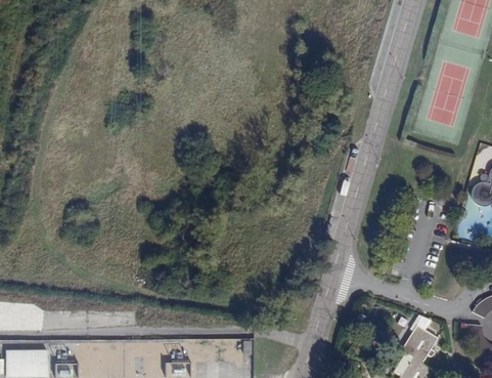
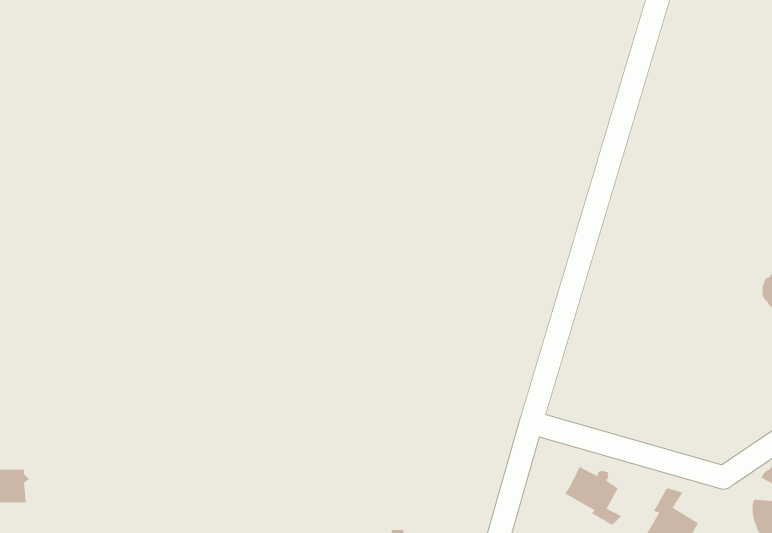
building: none -> [565,466,622,526]

